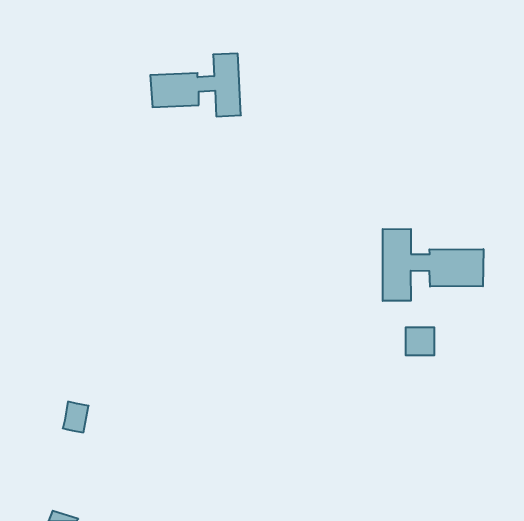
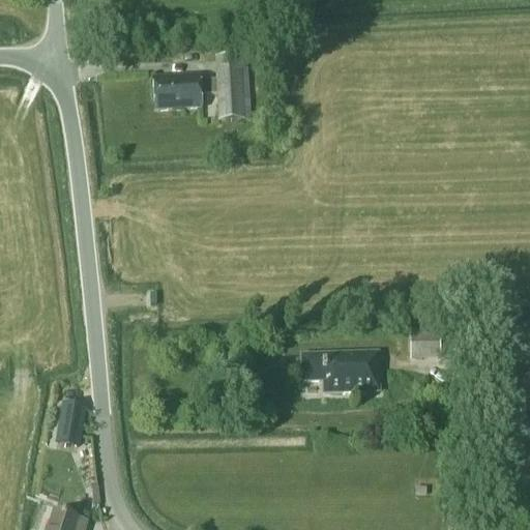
building: [383,229,483,301] -> none
building: none -> [302,351,379,390]

